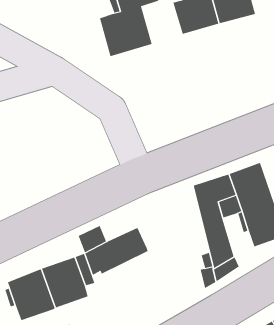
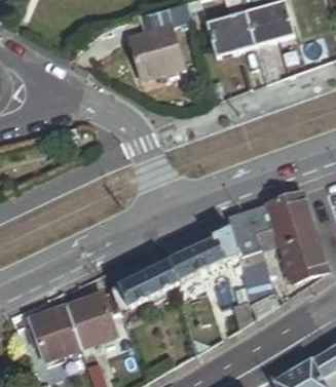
building: none -> [169,227,236,281]

